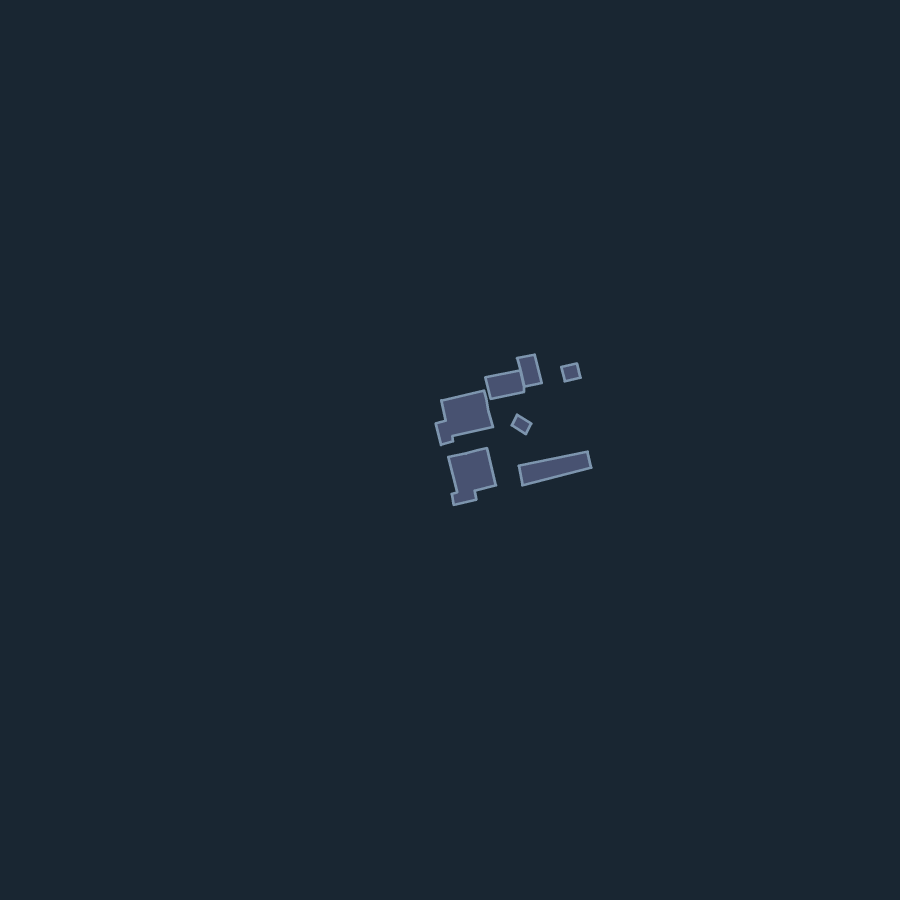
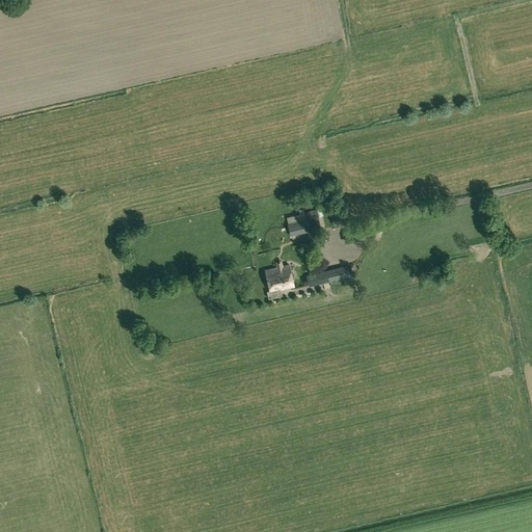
building: [436,391,493,445] -> none

